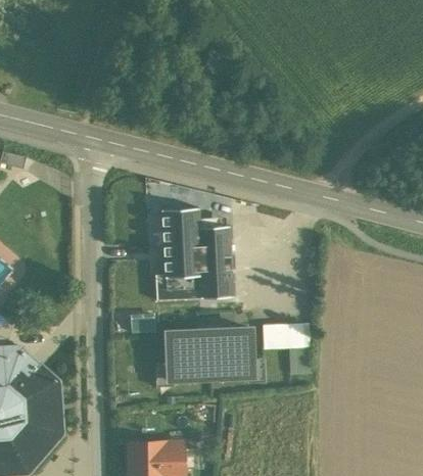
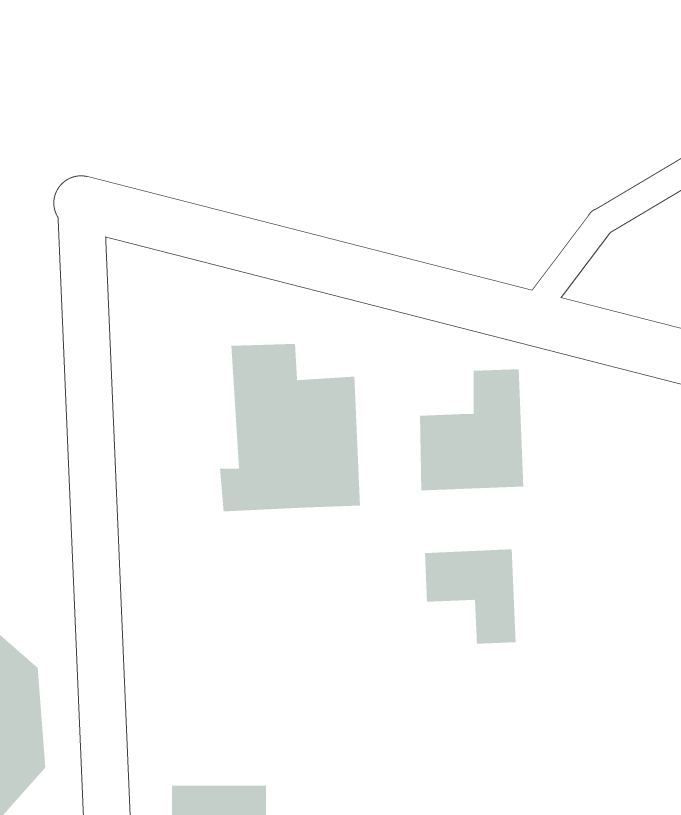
building: none -> [419,368,524,491]
building: [164,329,252,379] -> none

